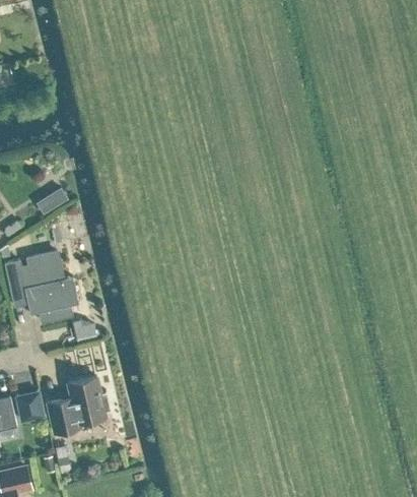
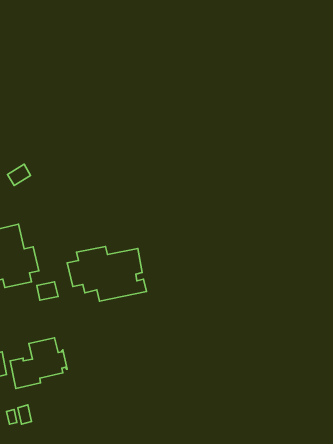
building: none -> [67,246,146,301]

